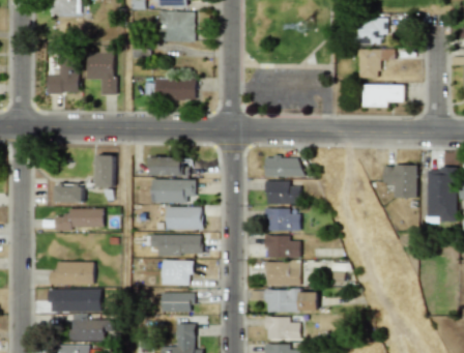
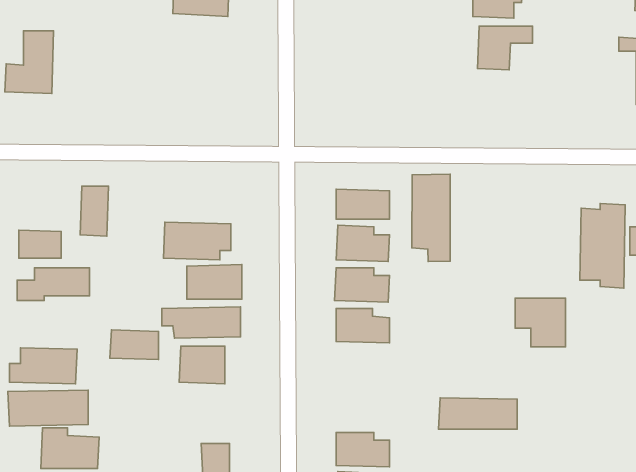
building: [87,46,115,94] -> none
building: [155,78,197,97] -> none
building: [363,84,405,108] -> none
building: none -> [412,174,450,261]
building: [148,156,190,175] -> none
building: [383,165,416,197] -> [515,298,565,347]
building: [265,262,300,285] -> none
building: [265,290,317,311] -> [439,398,517,429]
building: [161,292,193,312] -> [110,330,159,360]

